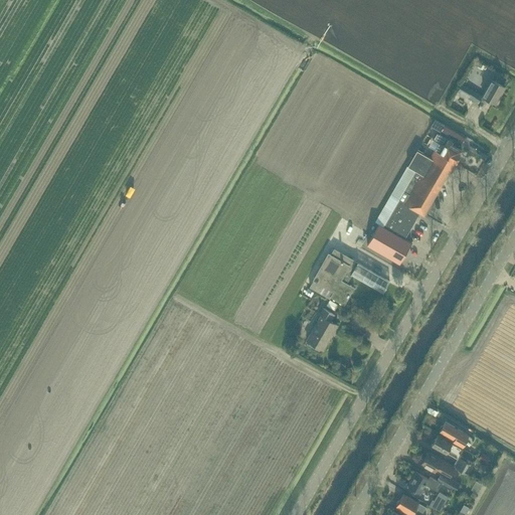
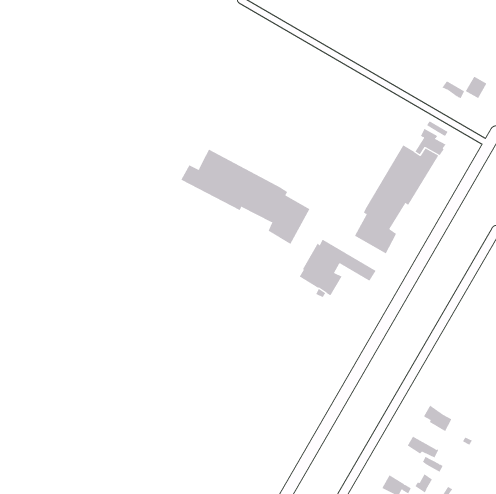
building: none -> [181,149,310,245]
building: [307,308,337,349] -> none
building: [432,437,477,477] -> none
building: [408,473,442,495] -> none

